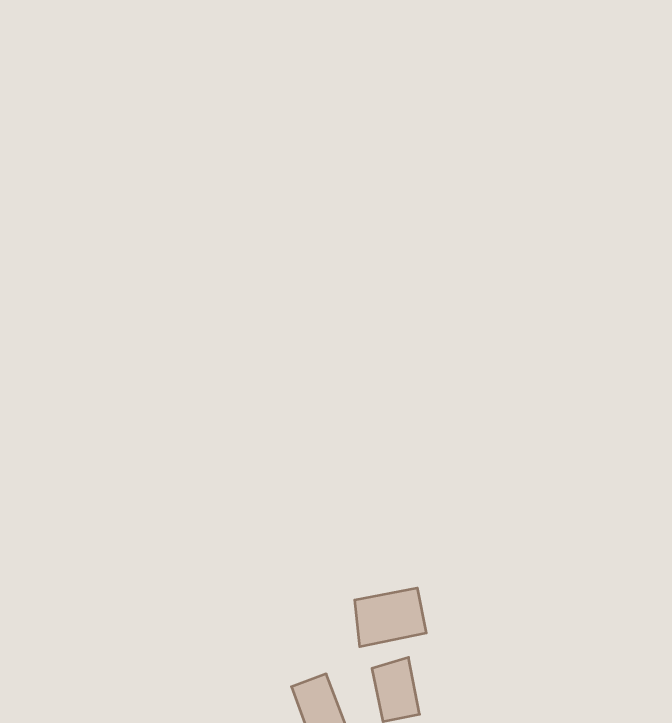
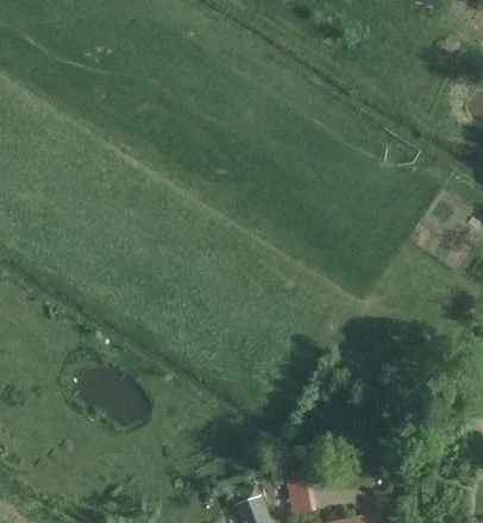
building: [355,588,426,647] -> none

